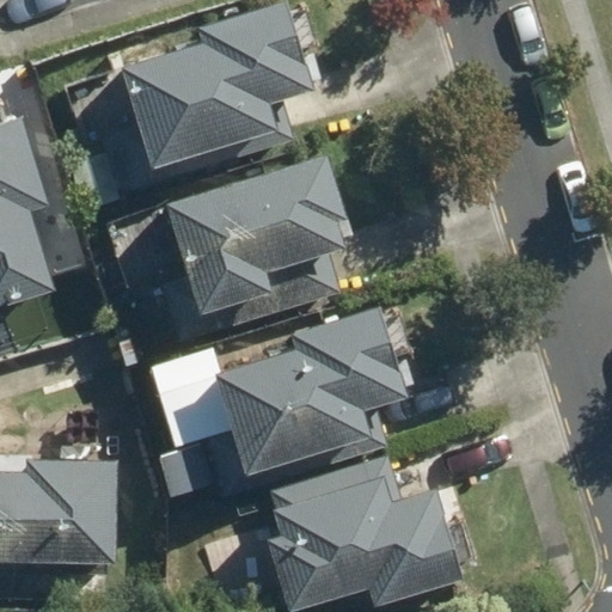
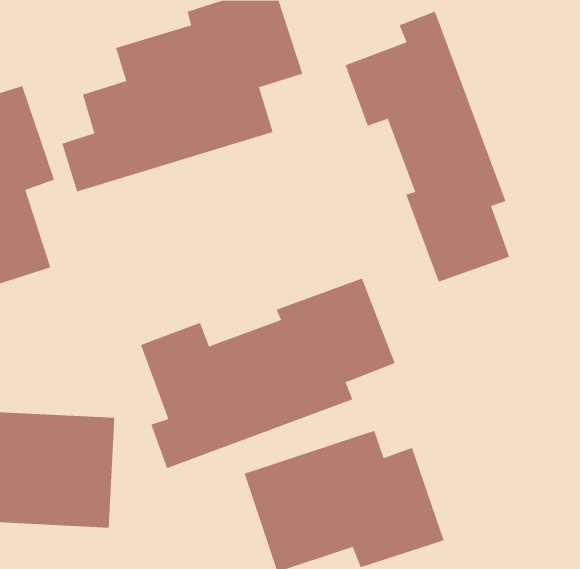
building: none -> [345,11,510,282]
building: [116,149,356,357] -> none

